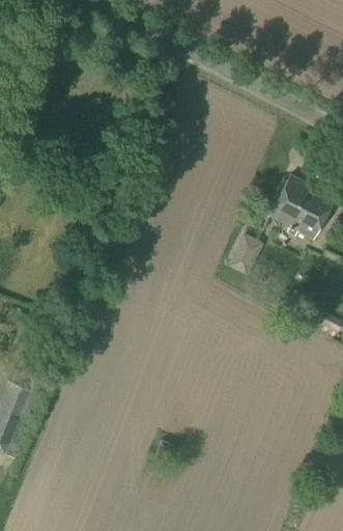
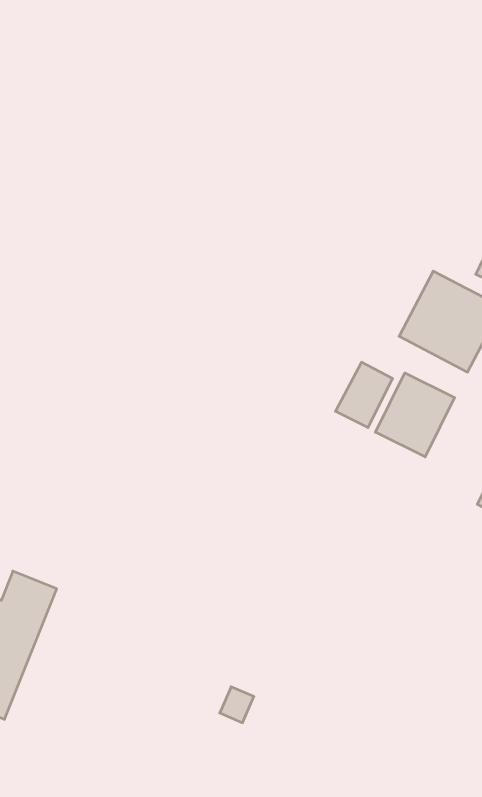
building: none -> [375,373,455,457]

